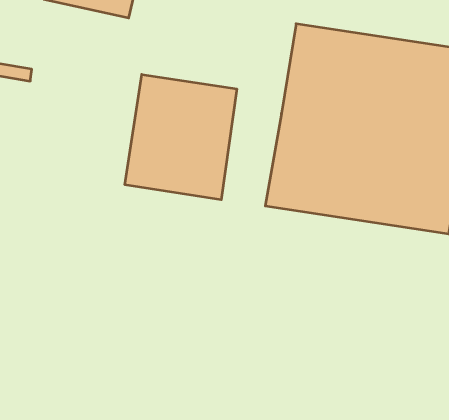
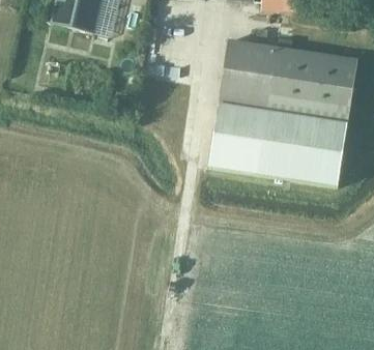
building: [125,74,237,200] -> none

